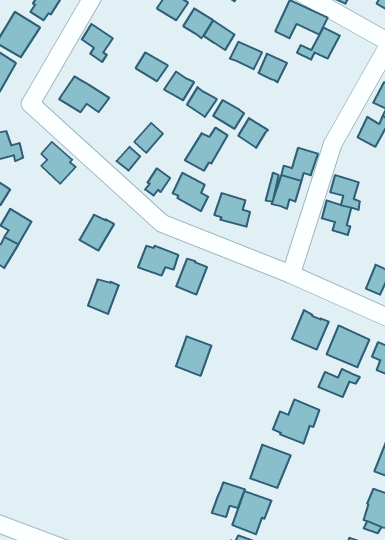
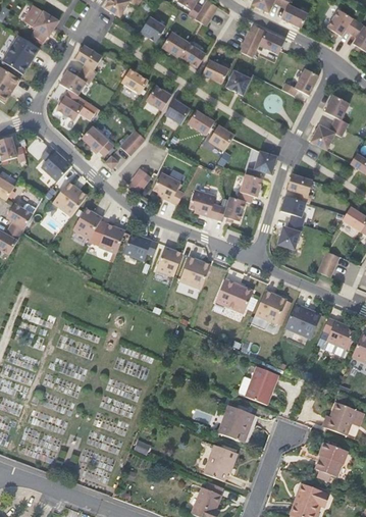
building: [297,27,340,60] -> [282,67,319,95]
building: none -> [59,69,93,94]
building: none -> [82,125,114,155]
building: [185,128,227,171] -> none
building: none -> [52,180,87,215]
building: none -> [216,196,246,220]
building: none -> [277,220,303,249]
building: [88,279,119,314] -> [99,223,125,253]
building: none -> [216,277,254,312]
building: [176,336,212,376] -> [179,255,210,289]
building: [319,369,360,397] -> none
building: [212,482,245,517] -> none

